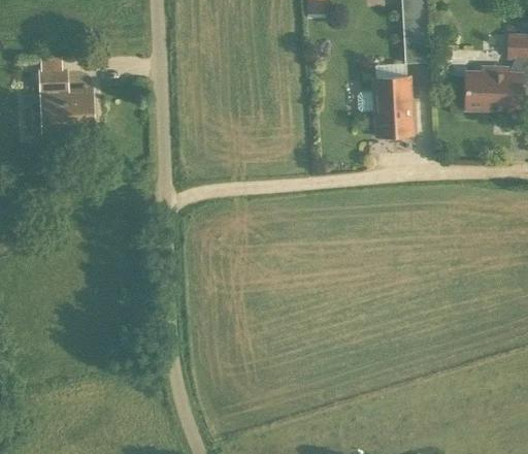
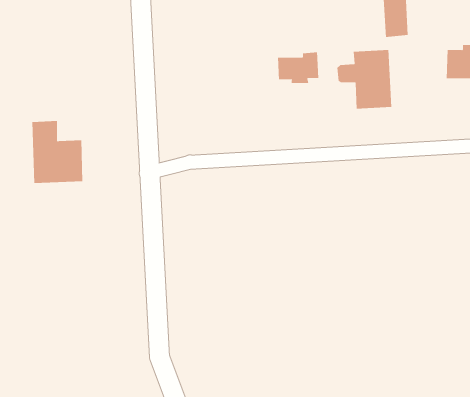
building: [41,70,94,134] -> [32,121,83,184]
building: none -> [277,52,319,84]

